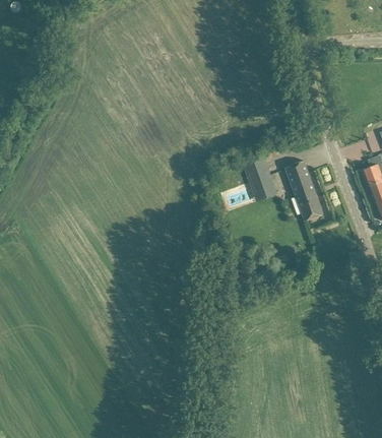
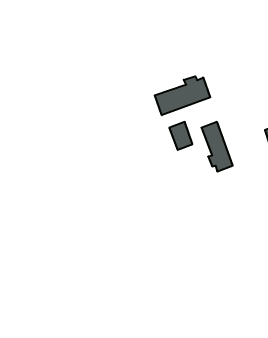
building: none -> [155,76,210,115]

